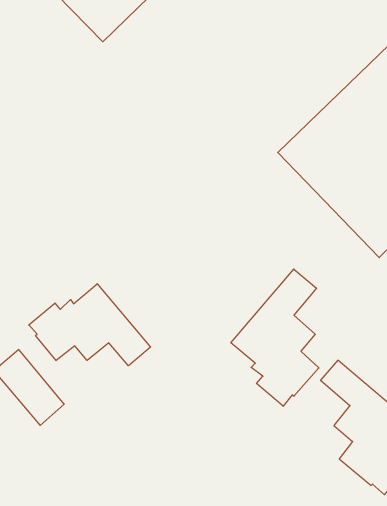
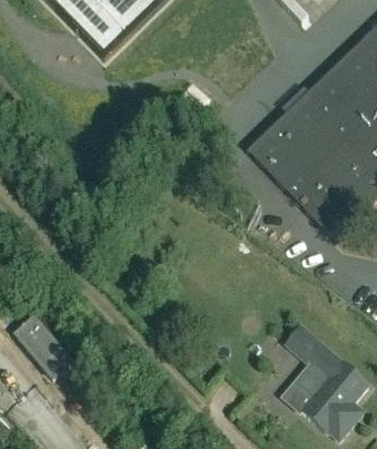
building: [231,269,319,406] -> none
building: [29,284,151,366] -> none

